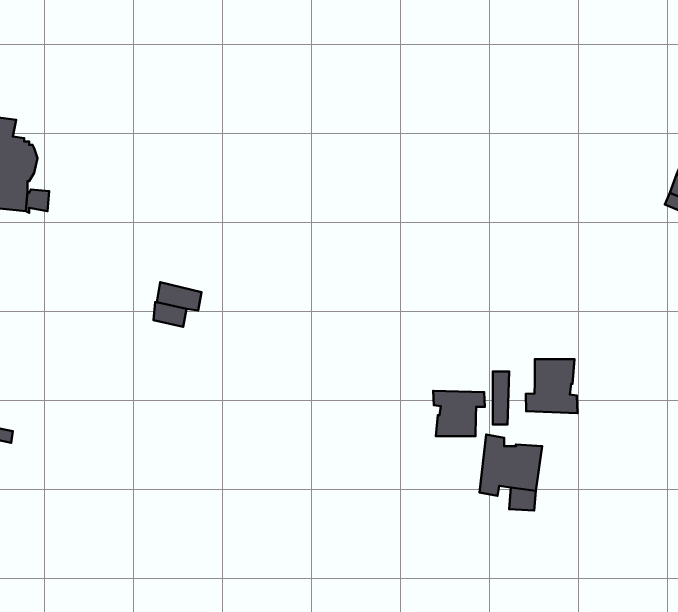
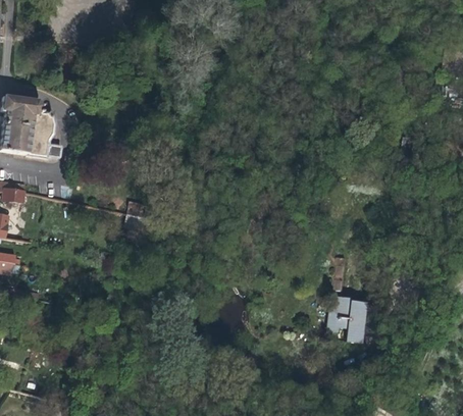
building: [526,359,577,413] -> none
building: [433,391,485,436] -> none

